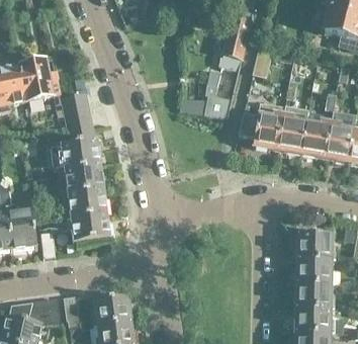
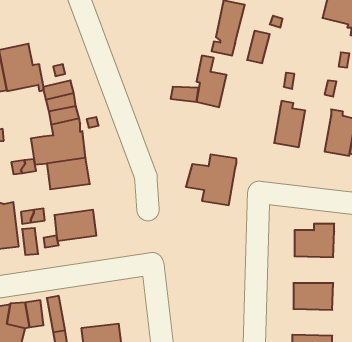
building: [237,102,284,150] -> [186,154,236,205]
building: [300,108,331,158] -> none
building: [67,188,107,218] -> none
building: [295,256,333,281] -> none
building: [93,294,131,324] -> none
building: [294,306,332,331] -> none

